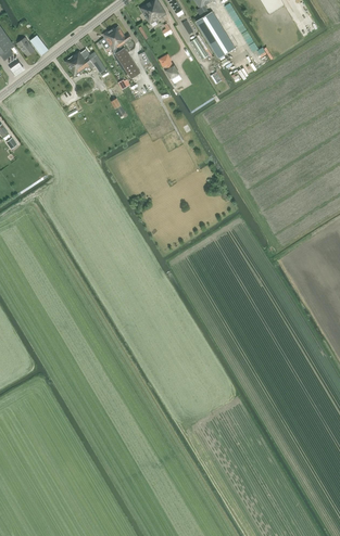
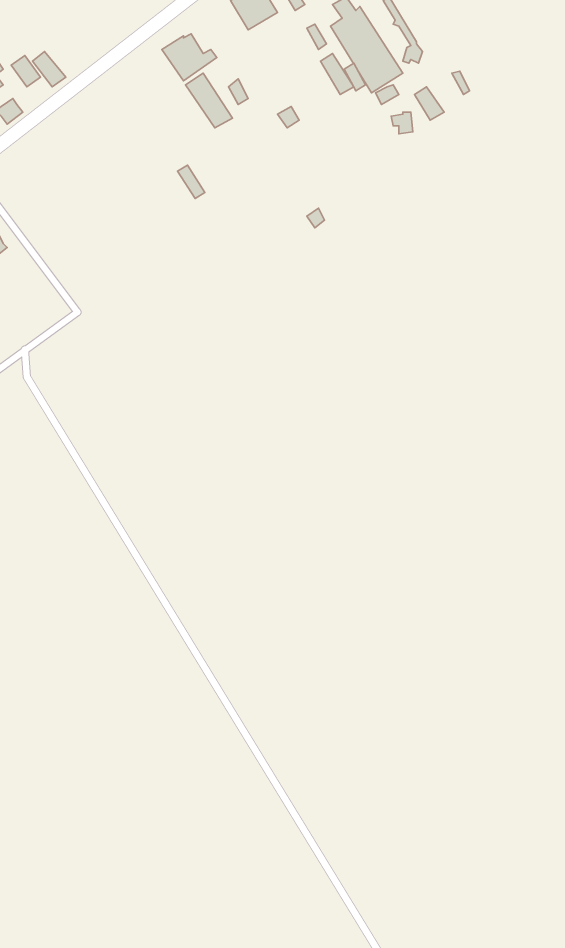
building: [64,49,103,76] -> none

